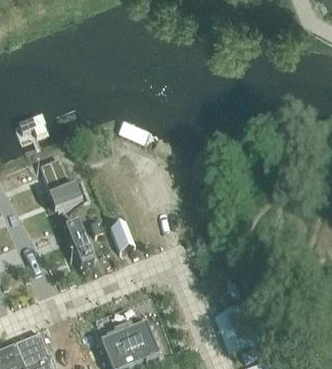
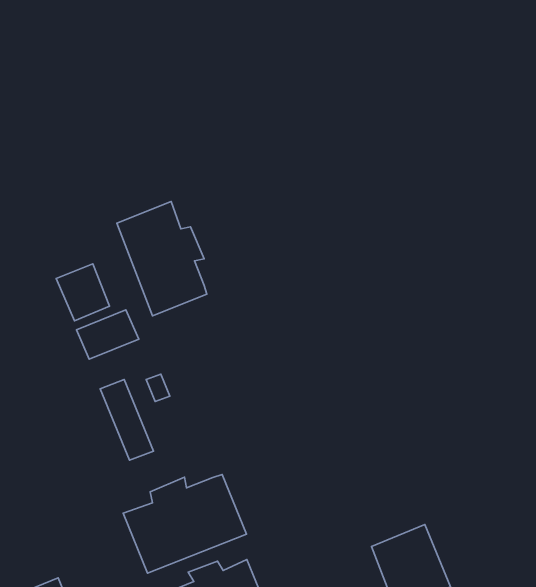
building: none -> [117,201,207,316]
building: none -> [123,474,246,573]

